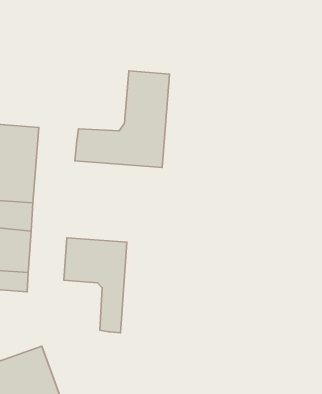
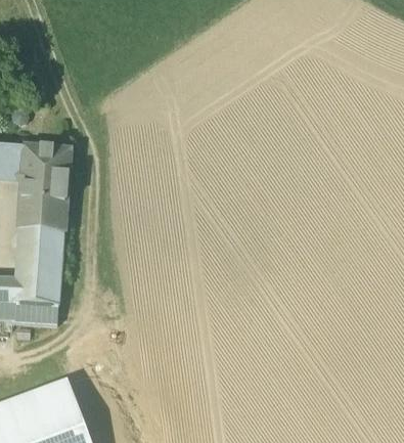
building: [75,71,169,167] -> none
building: [64,238,127,333] -> none

